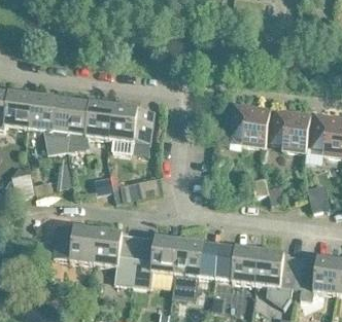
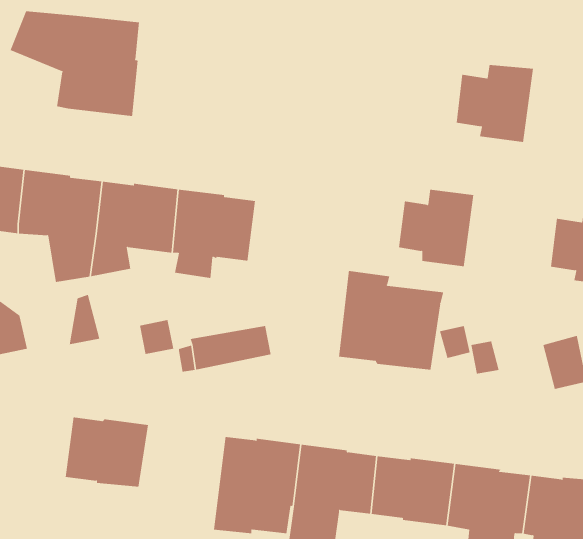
building: none -> [10,11,139,117]
building: [271,110,312,151] -> [456,64,534,142]
building: none -> [339,270,444,371]
building: [94,229,139,285] -> none

